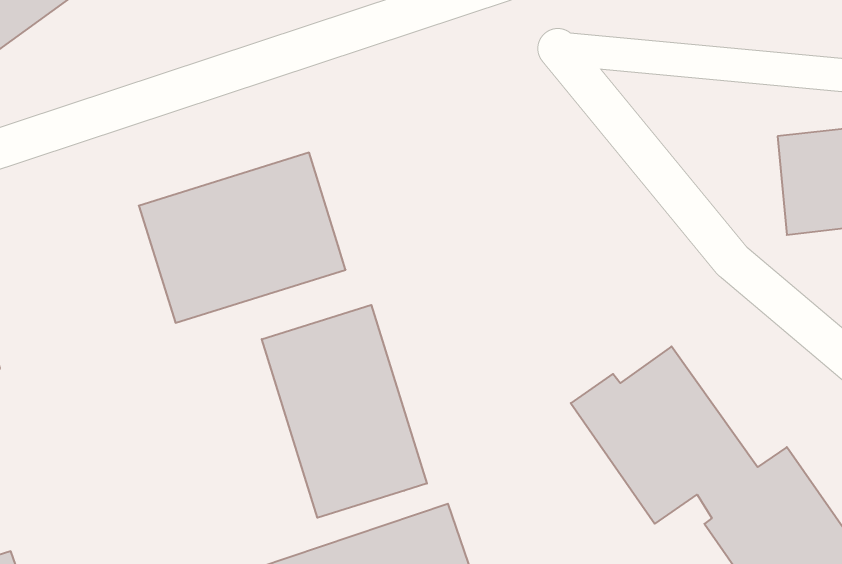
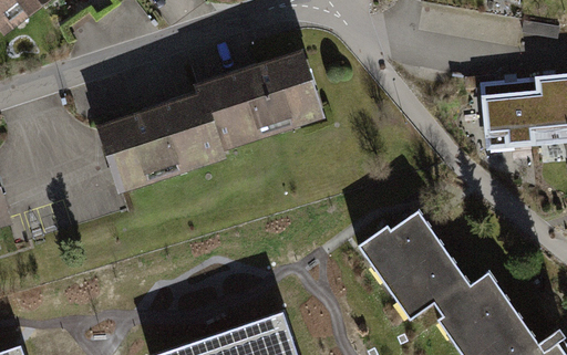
building: none -> [194,50,324,152]
building: [262,305,427,518] -> none

